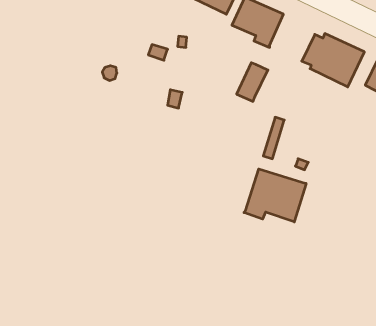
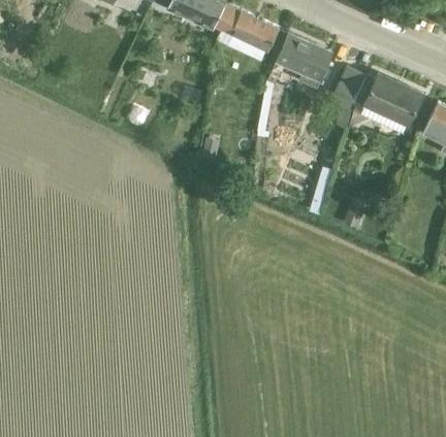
building: [237,63,268,101] -> [332,67,368,110]
building: [244,169,306,222] -> none

